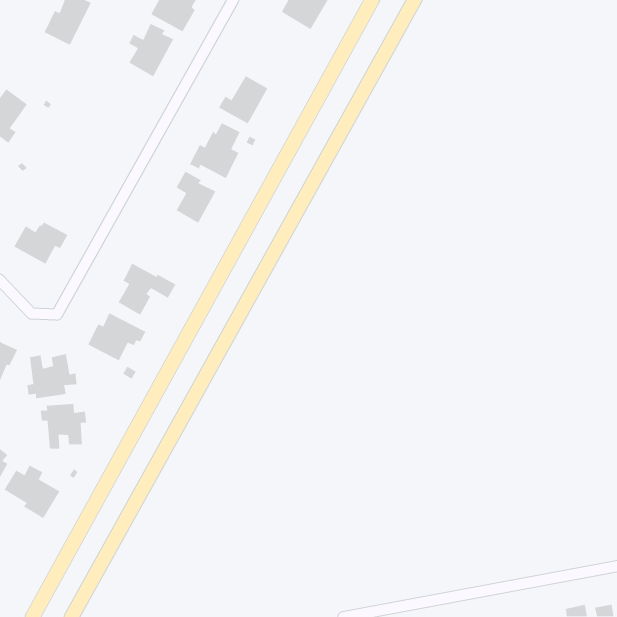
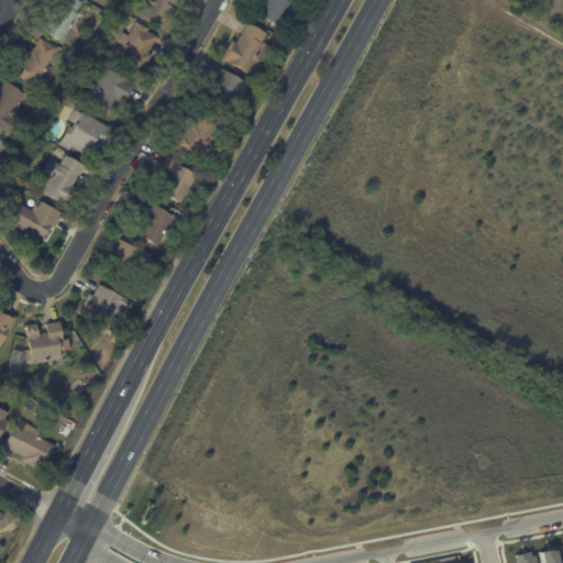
building: none -> [223,22,272,73]
building: none -> [14,37,58,87]
building: none -> [89,67,133,108]
building: none -> [59,109,111,156]
building: none -> [42,154,85,206]
building: none -> [137,201,179,250]
building: [40,403,87,449] -> none

